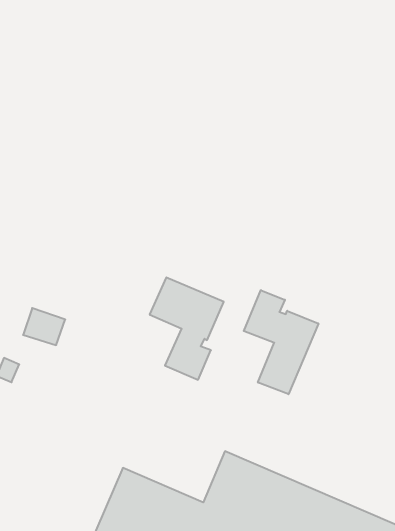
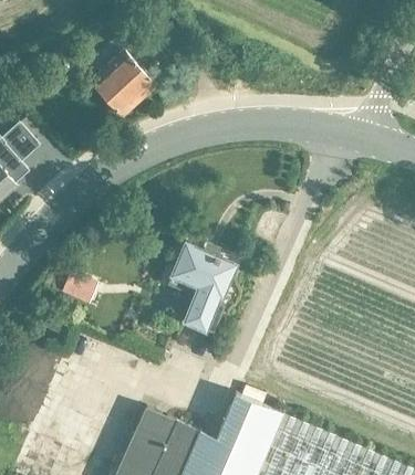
building: none -> [89,49,158,119]
building: [244,290,318,394] -> none

